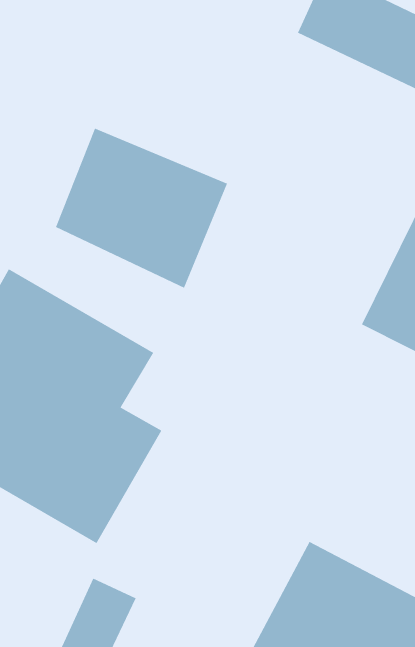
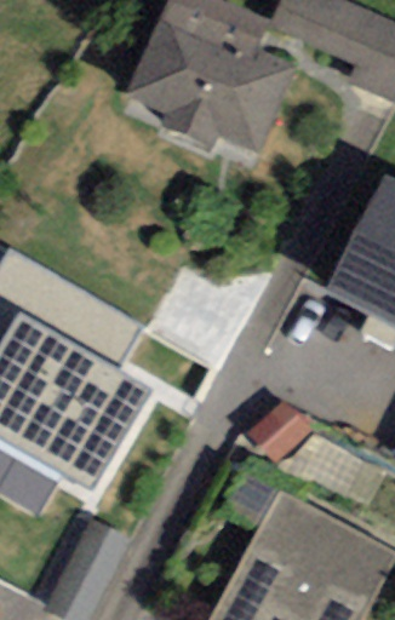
building: [55,128,228,289] -> [137,17,291,160]

